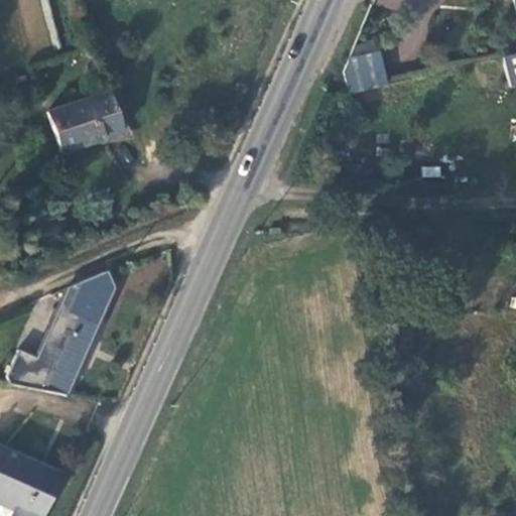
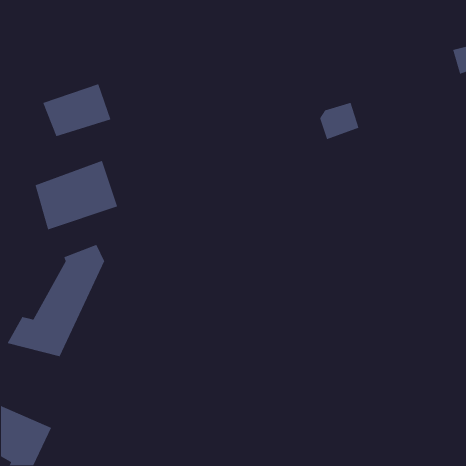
building: [344,50,388,93] -> [319,102,359,140]
building: none -> [34,160,118,231]

